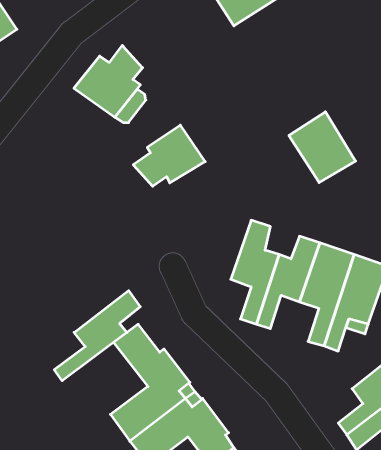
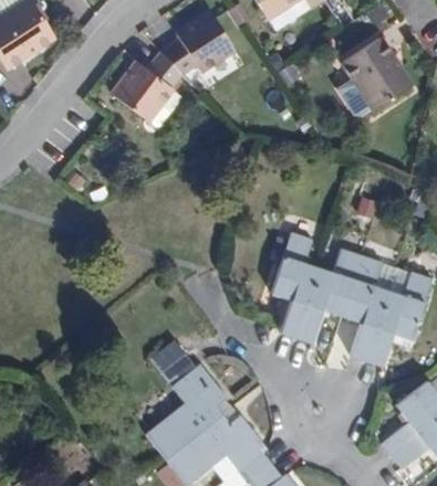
building: [289,112,356,183] -> [342,39,410,112]
building: [133,125,205,186] -> [160,12,235,75]
building: [54,291,140,381] -> none

